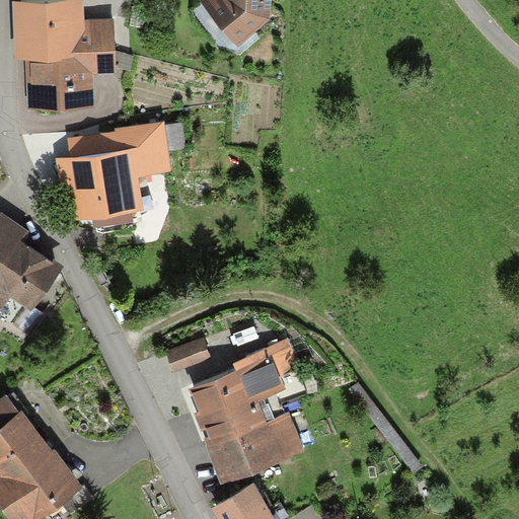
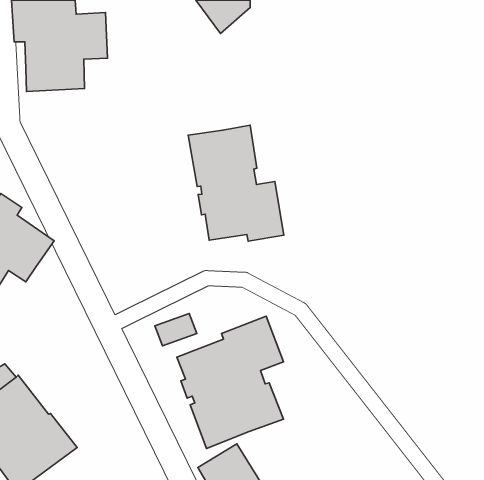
building: [56,122,184,232] -> none
building: none -> [188,125,284,241]

